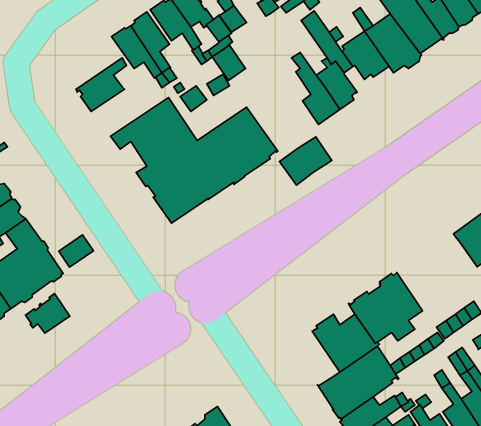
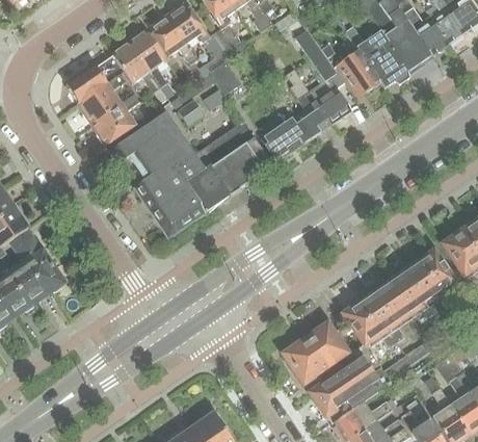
building: none -> [68,57,121,103]
building: none -> [90,92,140,145]
building: [279,137,332,185] -> [260,114,311,161]
building: [59,235,93,267] -> none
building: none -> [387,248,458,318]
building: [25,294,70,333] -> none
building: none -> [283,338,331,384]

